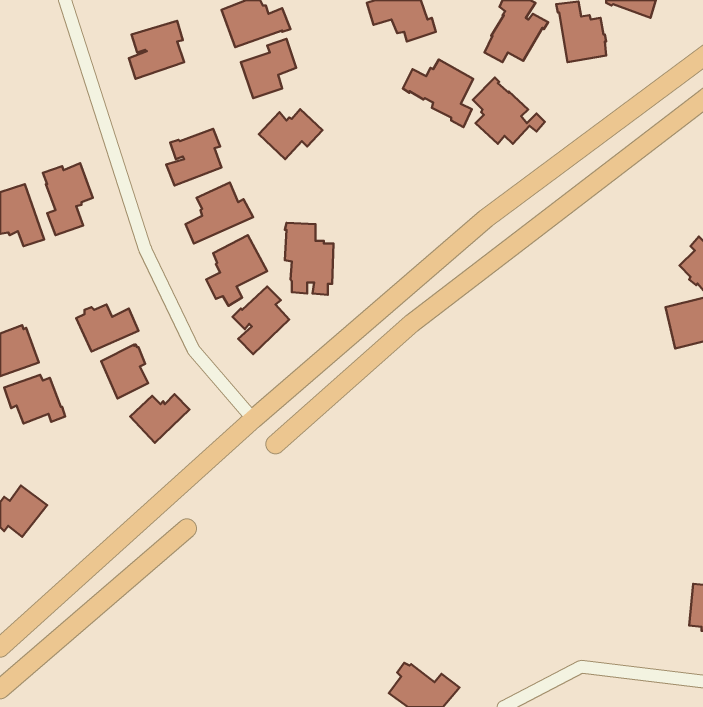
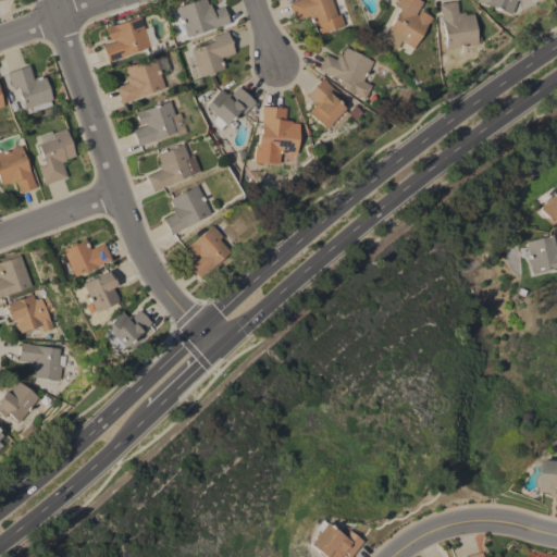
building: none -> [117,58,168,103]
building: [473,78,545,144] -> [308,77,364,129]
building: none -> [9,65,55,110]
building: [285,223,333,295] -> [263,107,301,163]
building: none -> [20,342,64,381]

